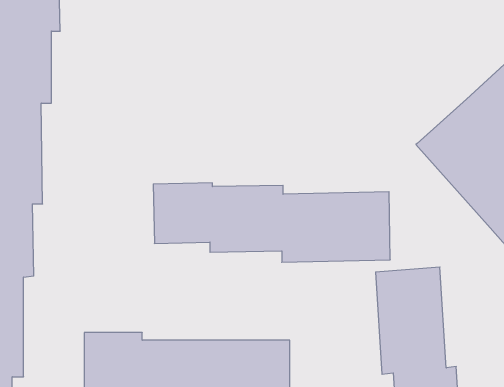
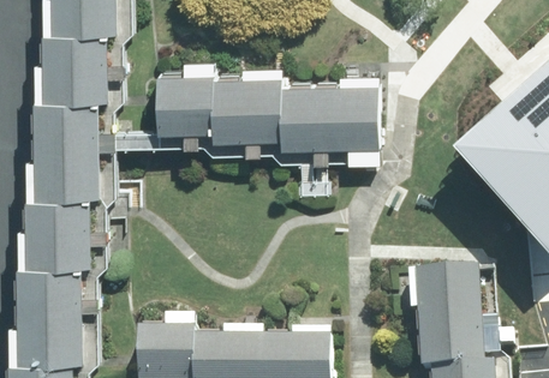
building: [153,183,390,262] -> [156,79,382,155]

